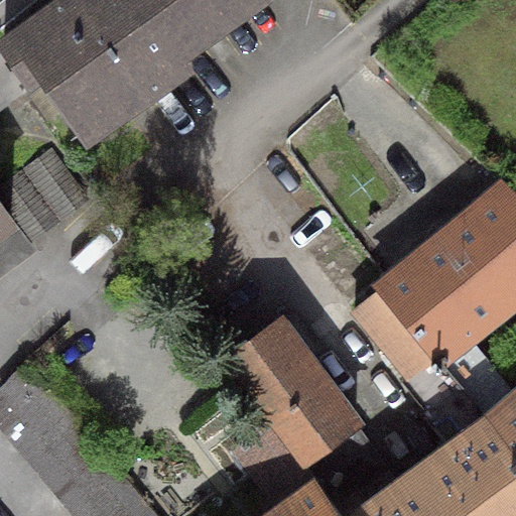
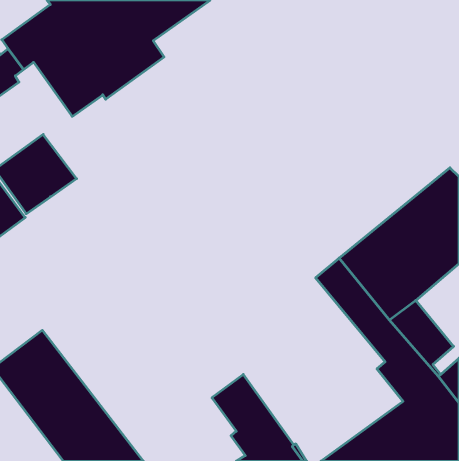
building: [226,319,375,497] -> none

